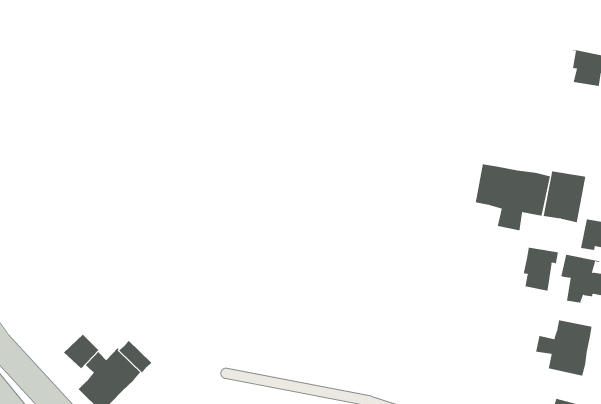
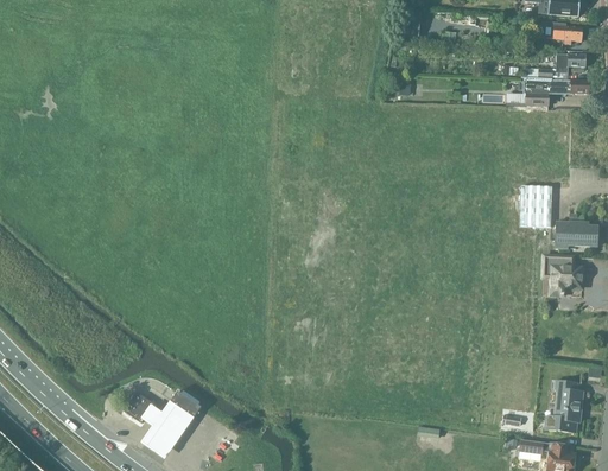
building: [475,164,550,231] -> none
building: [523,247,559,292] -> none
building: [535,319,592,376] -> none

